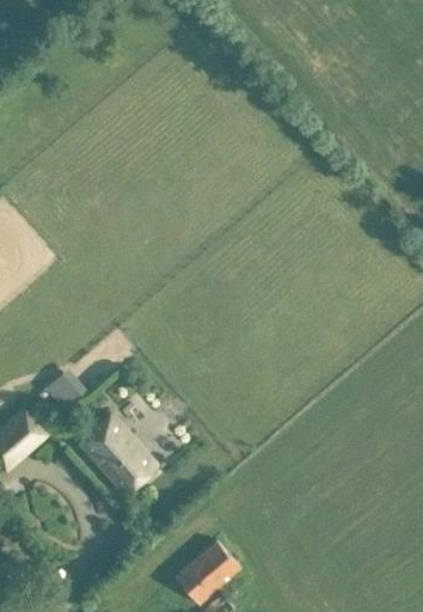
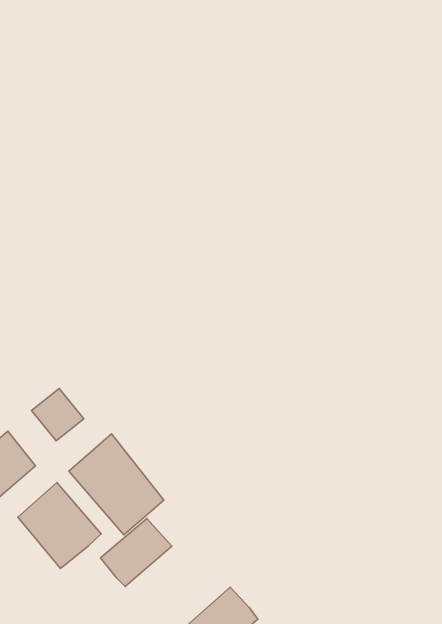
building: none -> [18,482,101,568]
building: none -> [101,519,172,587]

